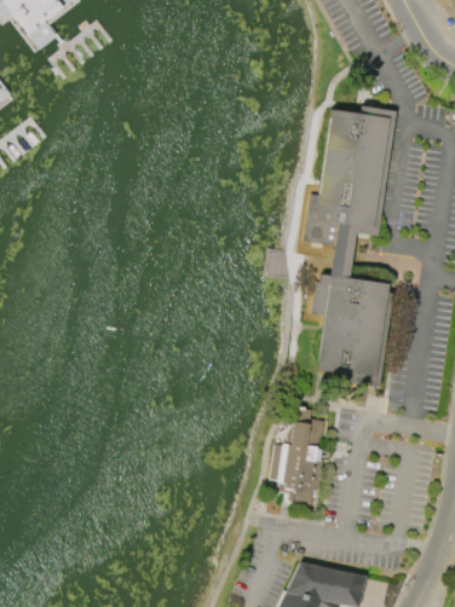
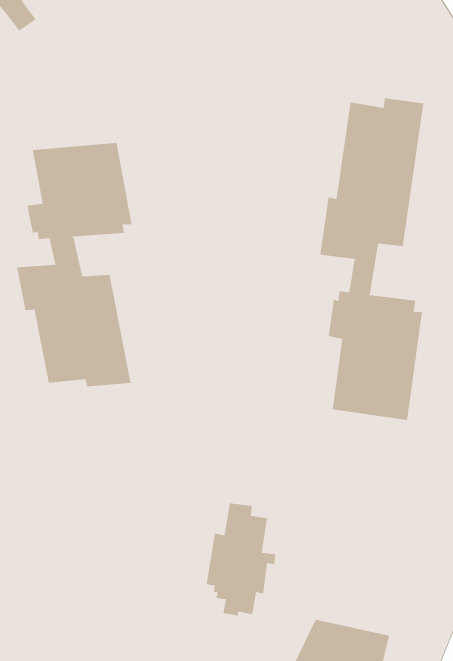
building: none -> [17,142,132,387]
building: [269,407,330,507] -> [206,503,276,616]

